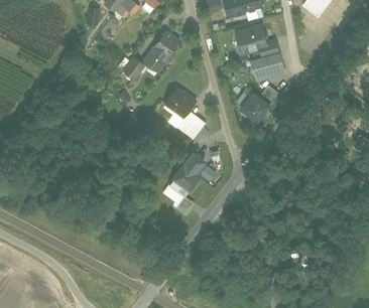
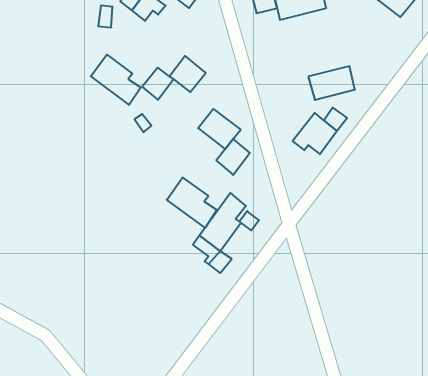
building: [234,24,280,55] -> none
building: [152,30,180,58] -> none
building: none -> [91,55,141,105]
building: none -> [167,177,217,228]

